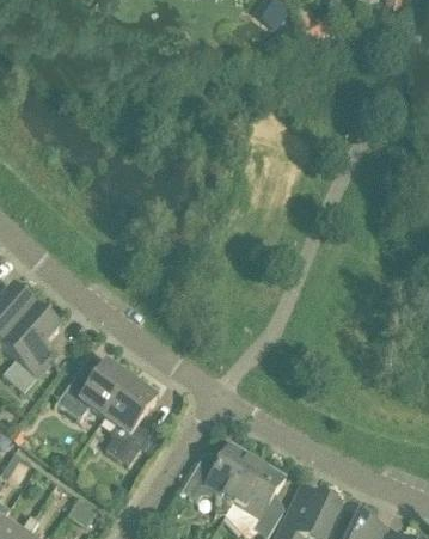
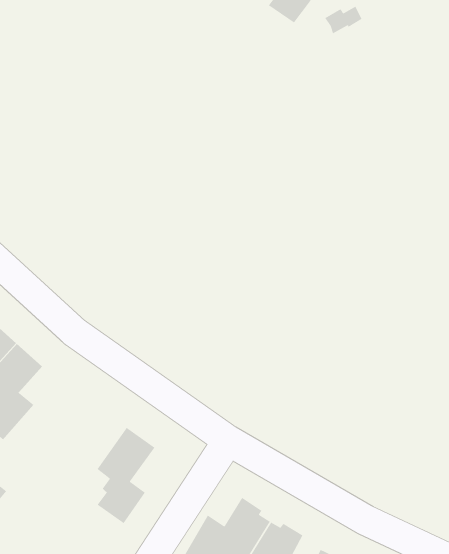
building: [56,363,131,421] -> none

